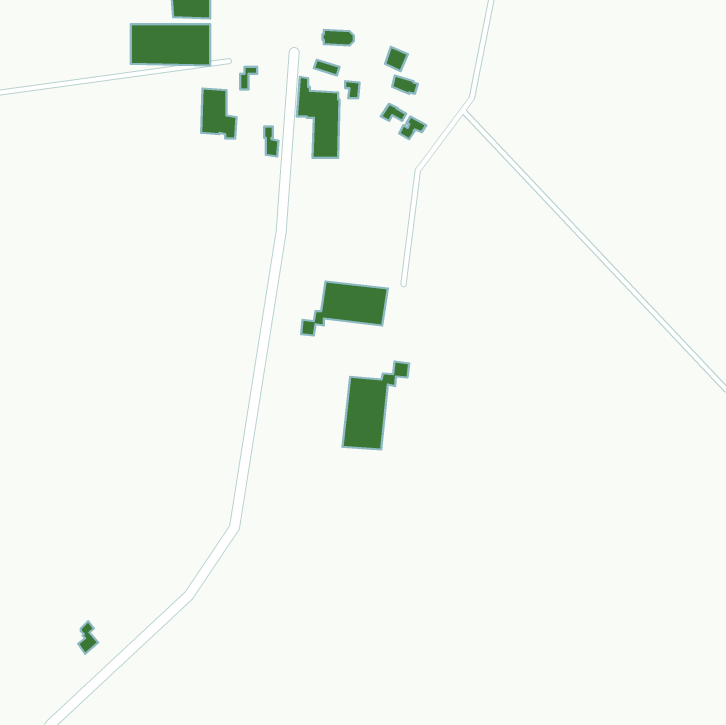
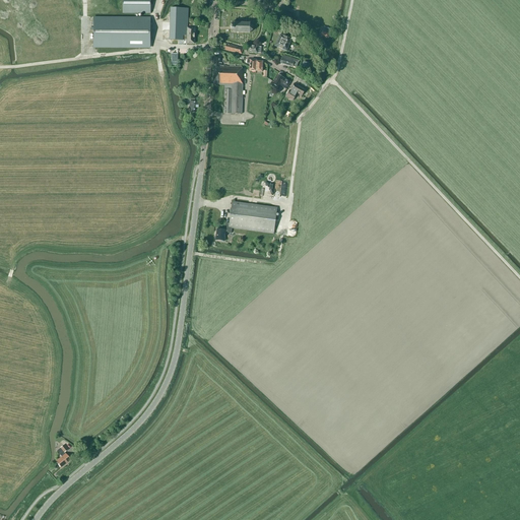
building: [201,89,237,138] -> [170,7,195,43]
building: [342,362,409,449] -> none

